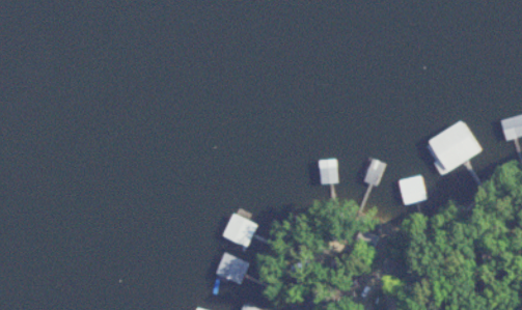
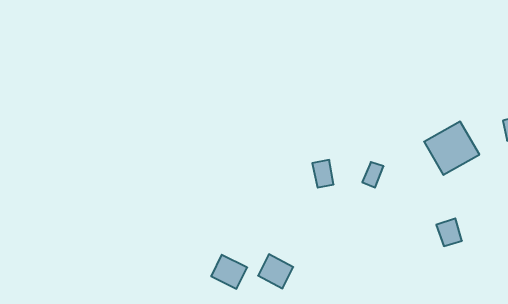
building: [402,176,427,203] -> [436,218,462,246]
building: [222,214,256,247] -> [258,254,293,288]

